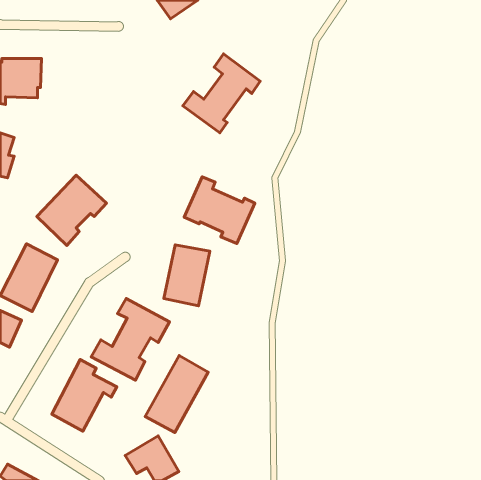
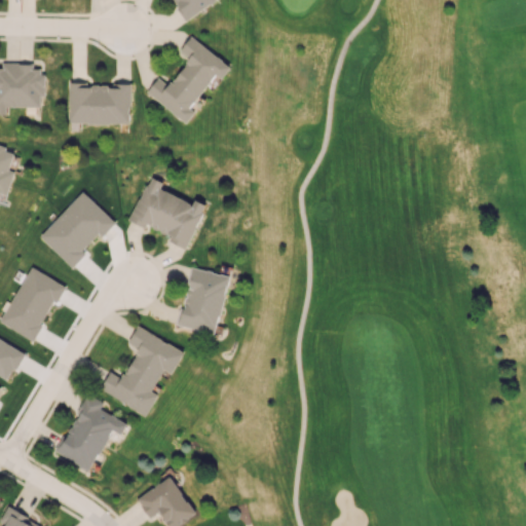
building: [183,54,260,133] -> [147,37,231,123]
building: none -> [69,84,130,124]
building: [184,177,255,244] -> [129,177,206,250]
building: [145,355,208,433] -> none

